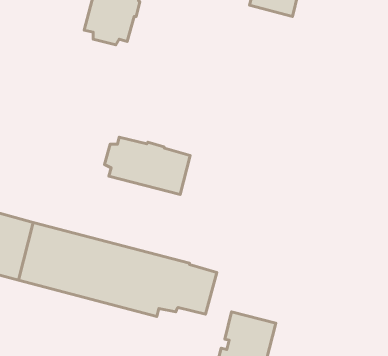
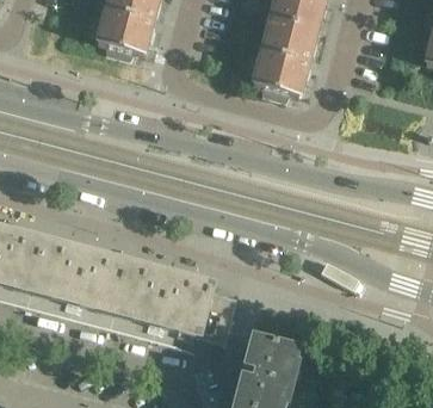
building: none -> [254,8,317,92]
building: [105,137,190,195] -> none

